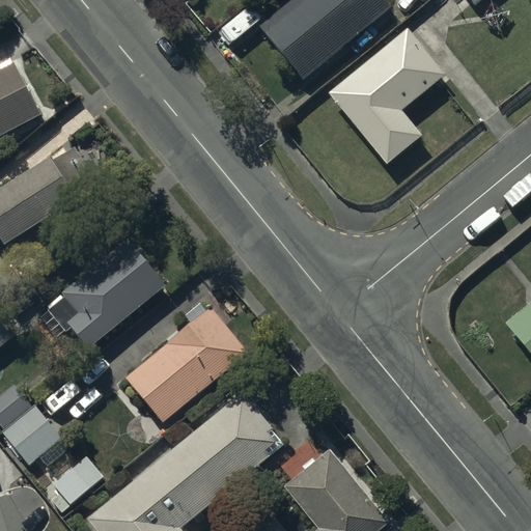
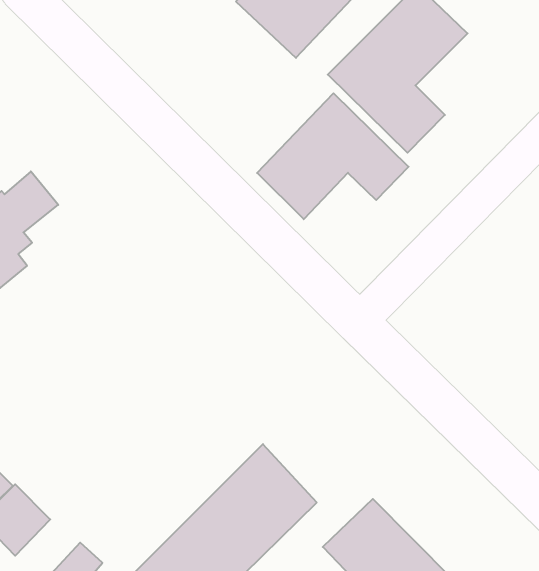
building: none -> [257,93,409,219]
building: [50,242,162,346] -> none
building: [123,308,246,423] -> none

